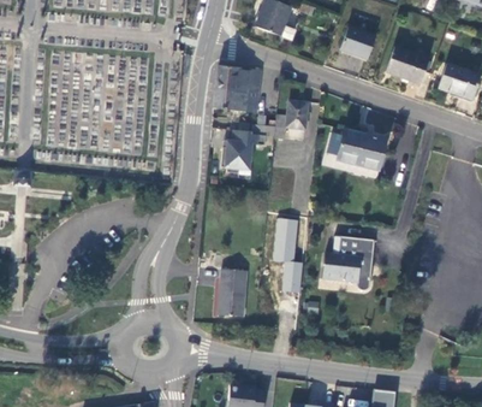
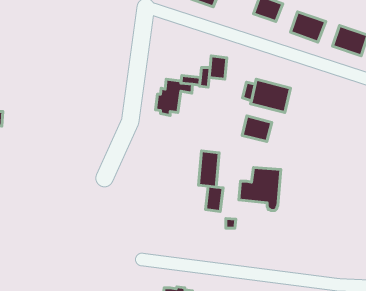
building: [213,65,261,112] -> none
building: none -> [242,116,272,141]
building: [218,269,246,317] -> none

